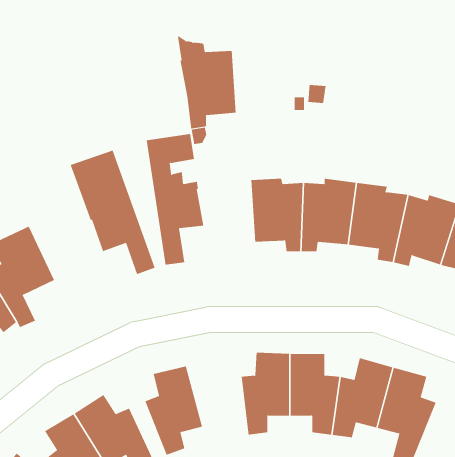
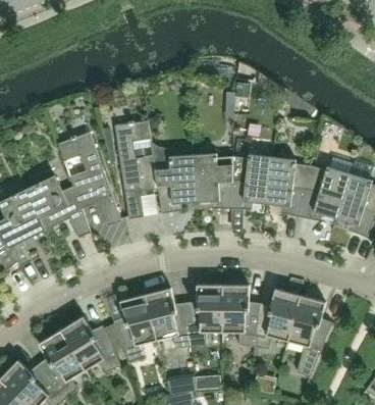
building: [177,34,237,129] -> [151,143,196,214]
building: none -> [26,175,91,239]
building: none -> [145,289,191,349]

